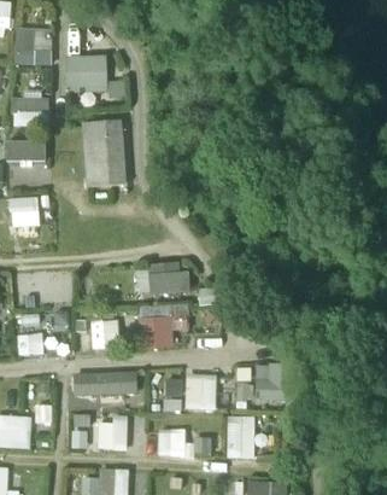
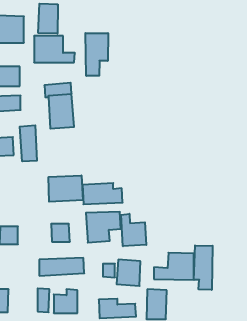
building: none -> [38,4,58,34]
building: none -> [85,33,108,76]
building: none -> [20,125,37,161]
building: none -> [49,175,83,202]
building: none -> [121,214,146,246]
building: none -> [194,245,213,290]

